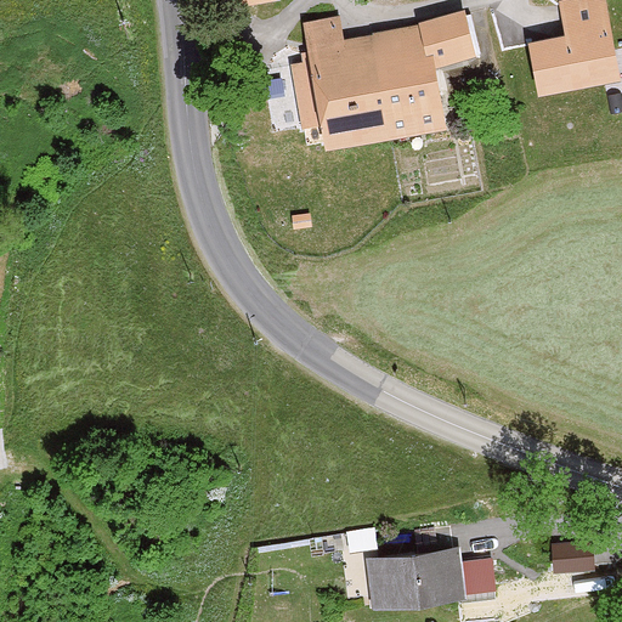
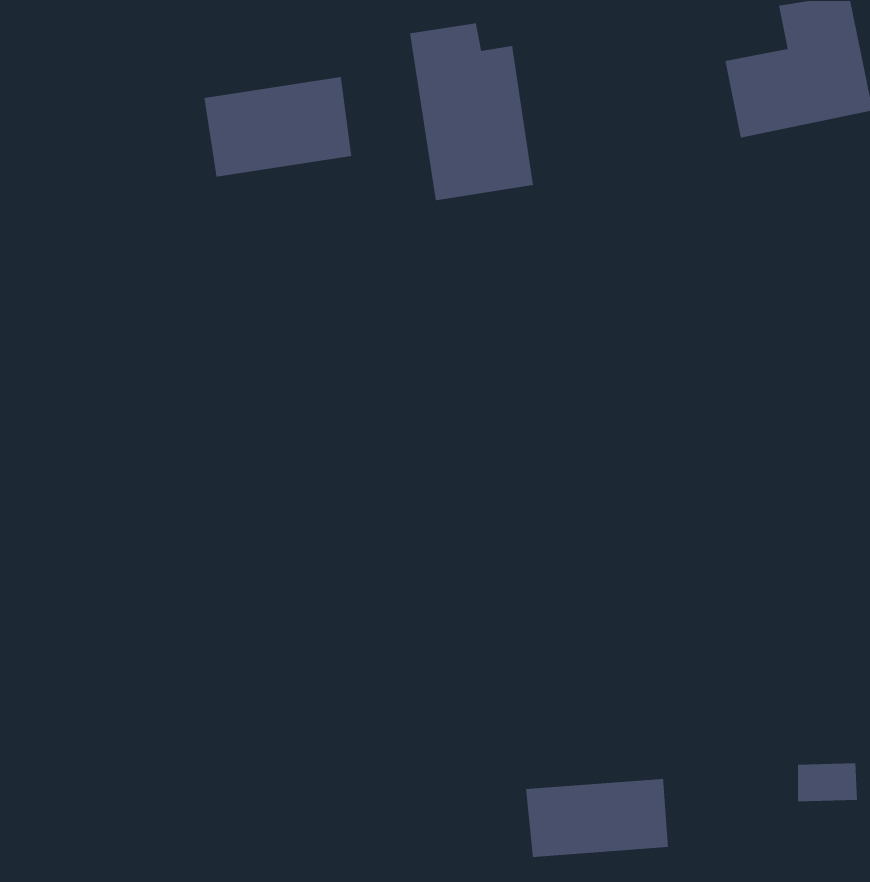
building: [371,21,473,132] -> none
building: none -> [203,76,352,177]

